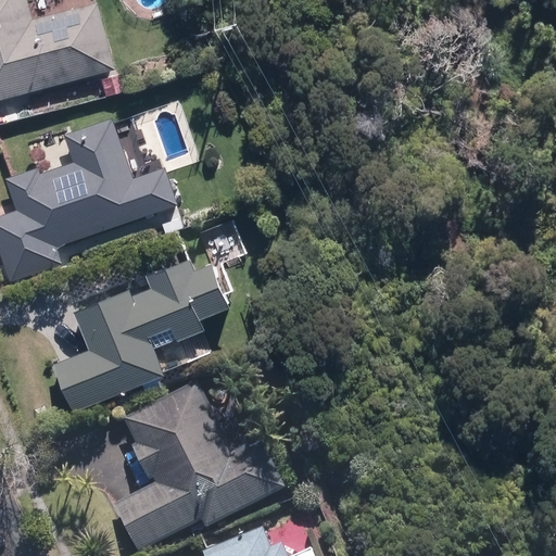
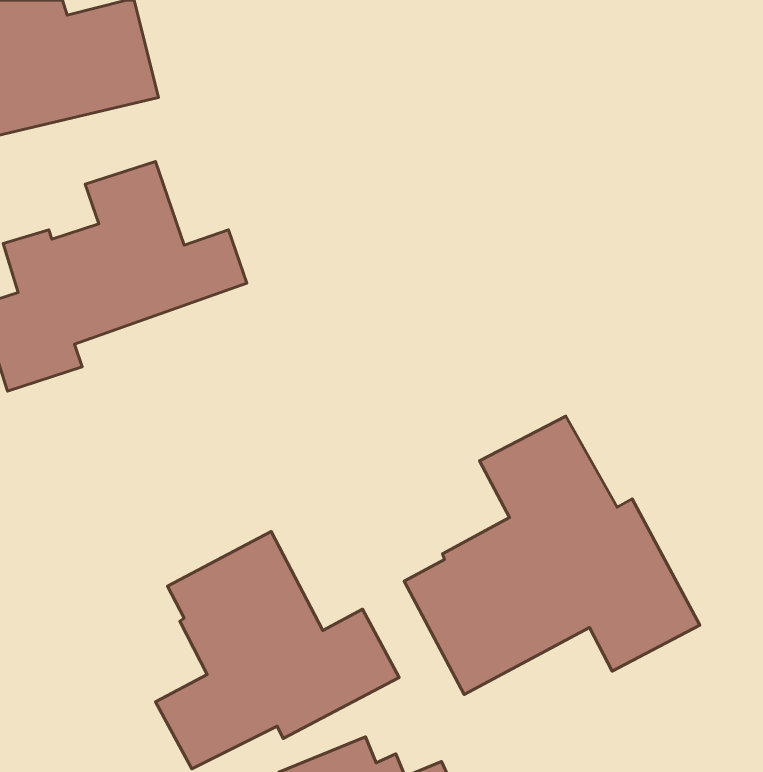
building: [54,228,243,409] -> none
building: none -> [404,416,700,695]

